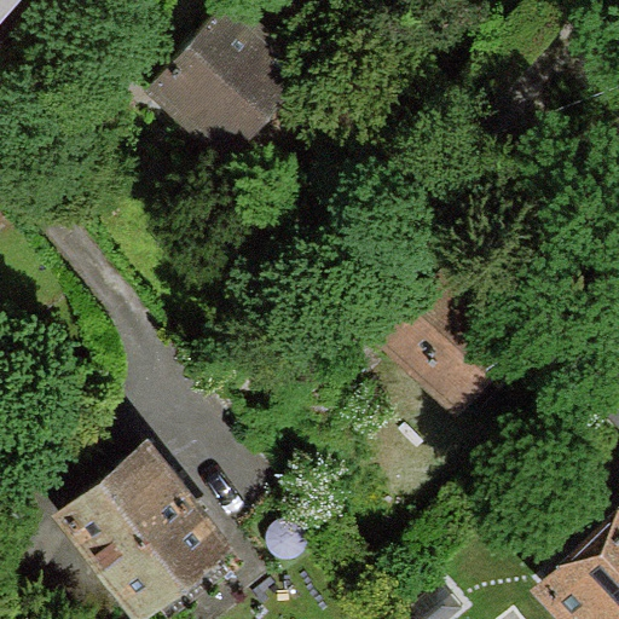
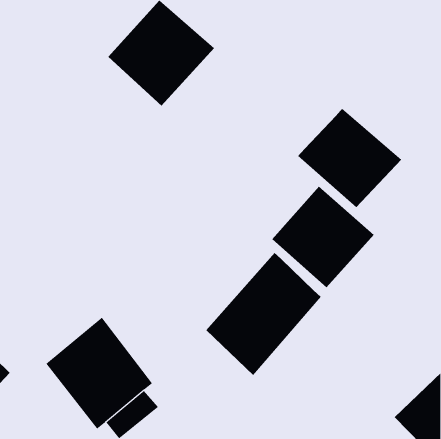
building: none -> [297,108,402,208]
building: none -> [205,252,322,376]

